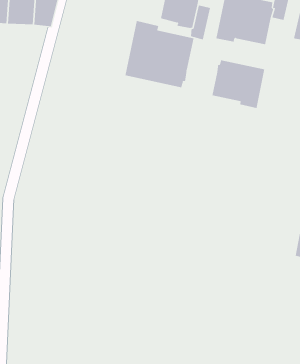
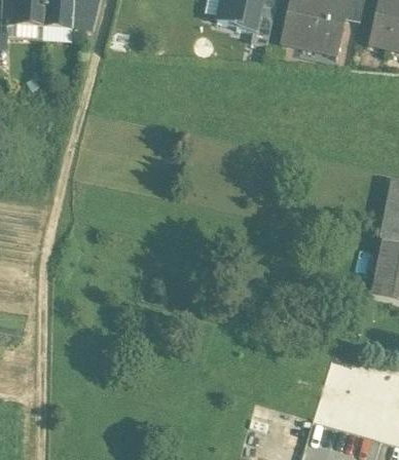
building: [125,20,194,88] -> none
building: [212,59,265,109] -> none

